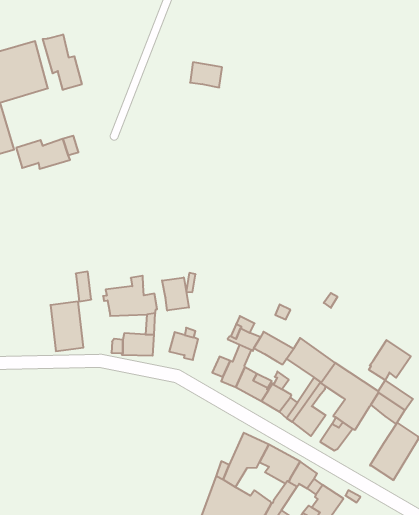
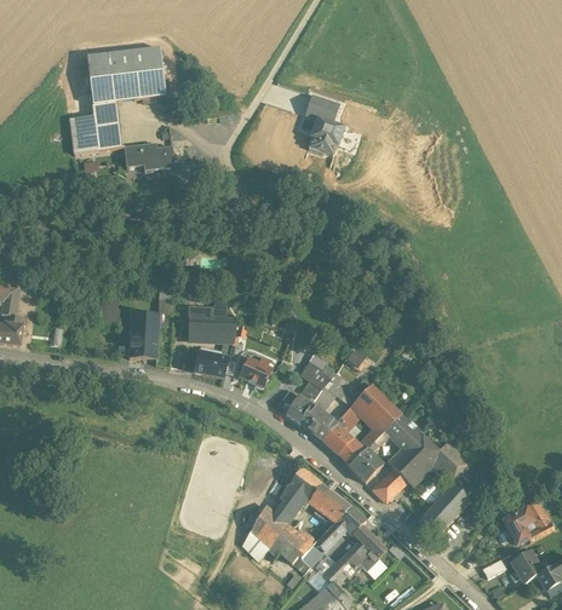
building: [43,34,82,90] -> none
building: none -> [308,119,344,157]
building: [162,277,189,311] -> none
building: [369,340,411,380] -> none

